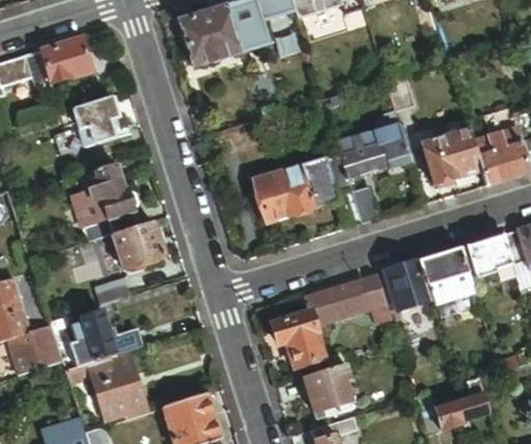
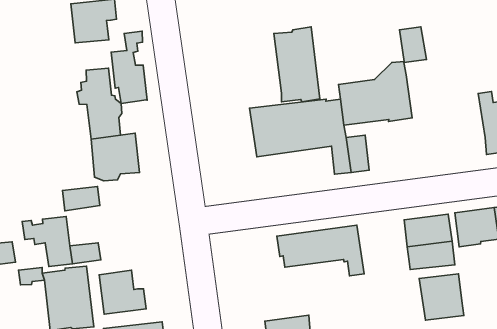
building: none -> [274,27,320,102]
building: [423,129,483,187] -> none
building: [72,168,113,240] -> [111,31,147,103]
building: [384,259,431,308] -> [419,274,464,320]
building: [274,312,326,367] -> none
building: none -> [99,270,146,314]

